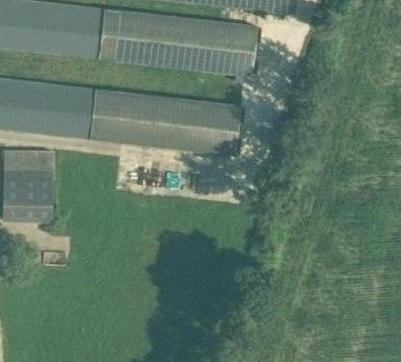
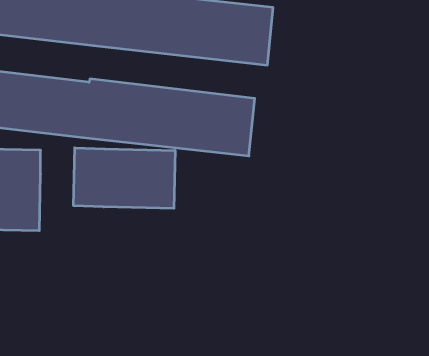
building: none -> [74,148,175,208]

